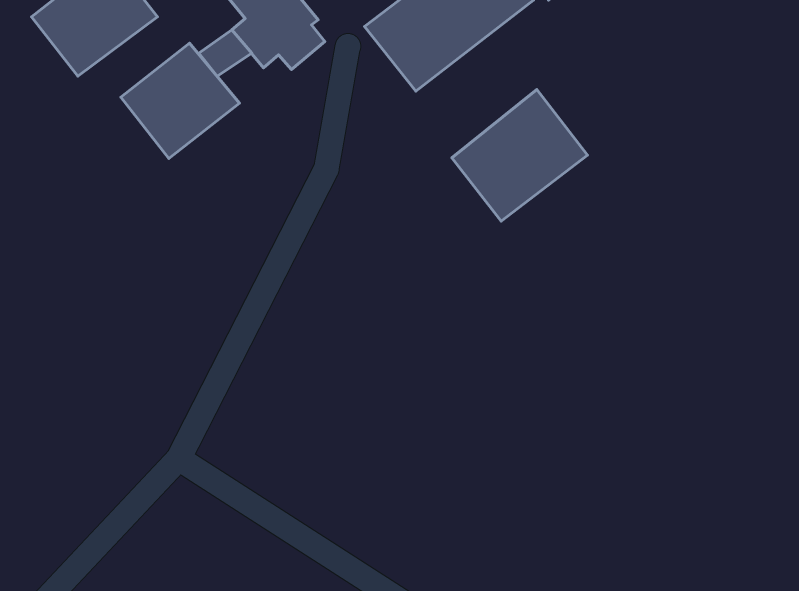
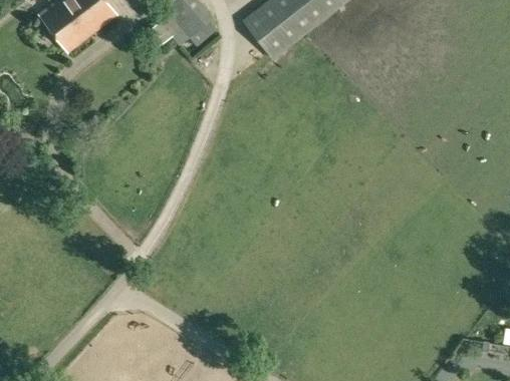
building: [121,43,240,159] -> none
building: [452,90,587,221] -> none

